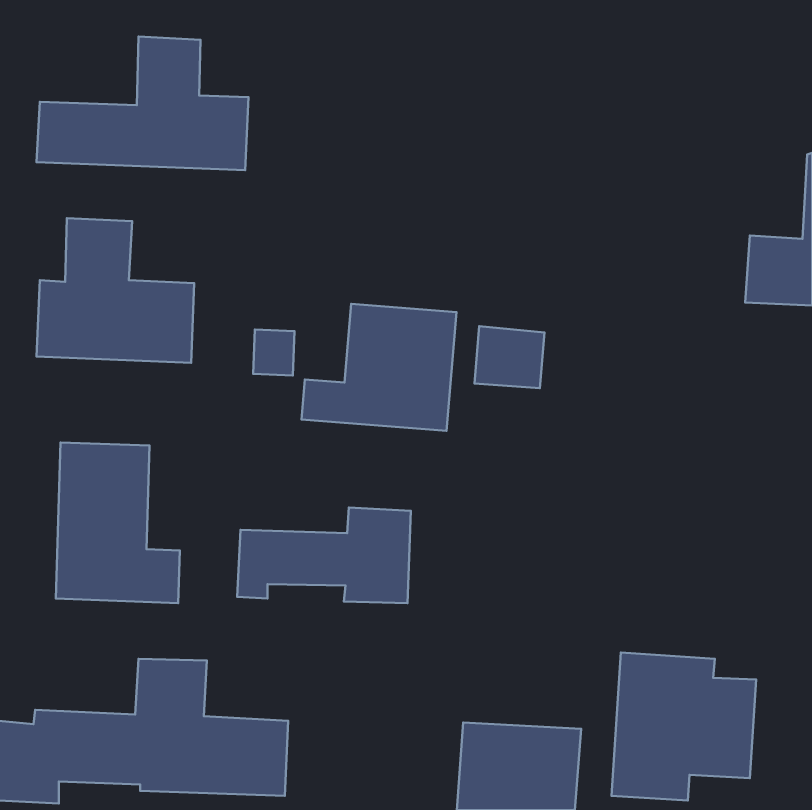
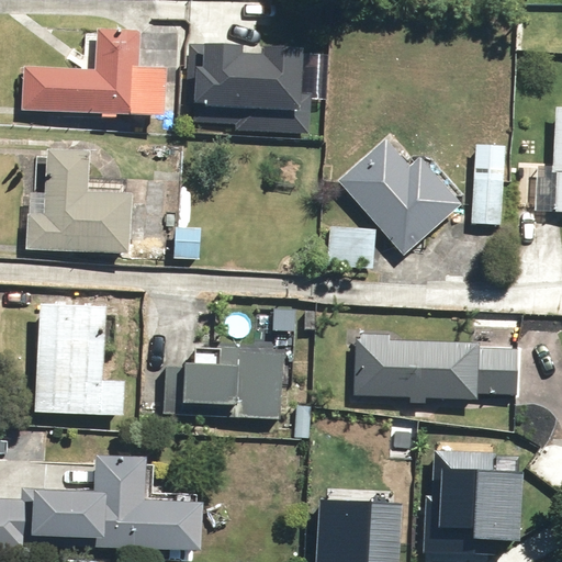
building: none -> [186,43,311,133]
building: none -> [338,137,463,255]
building: none -> [471,143,506,224]
building: [302,304,457,431] -> none
building: none -> [355,334,522,404]

